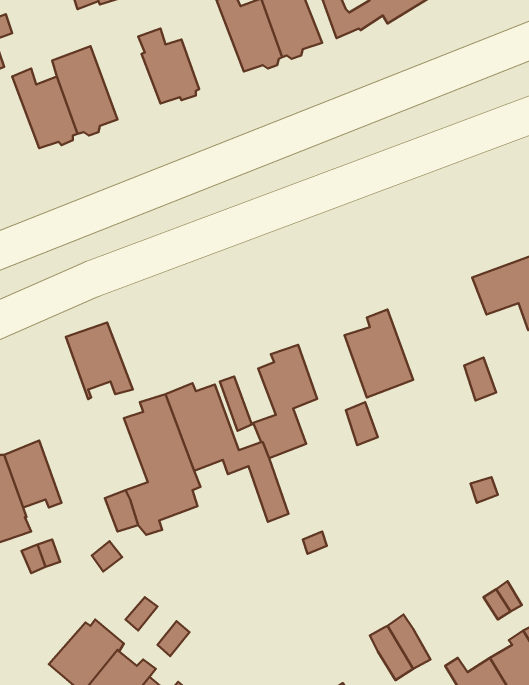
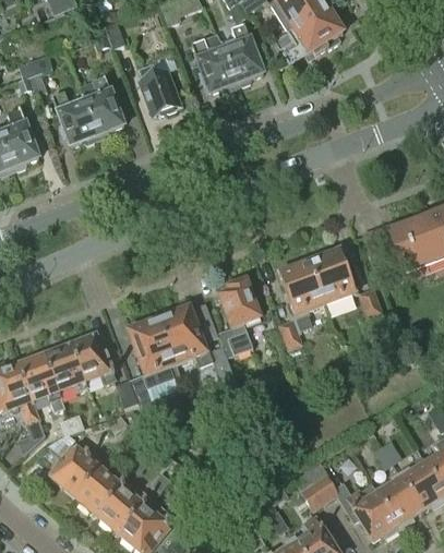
building: none -> [309,250,357,303]
building: [66,322,133,399] -> [71,335,117,387]
building: none -> [51,442,103,497]

